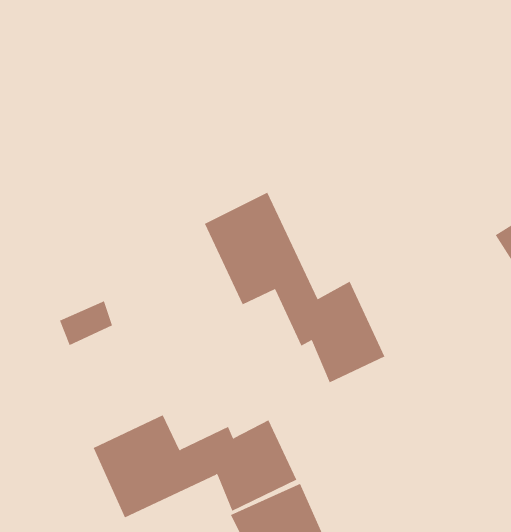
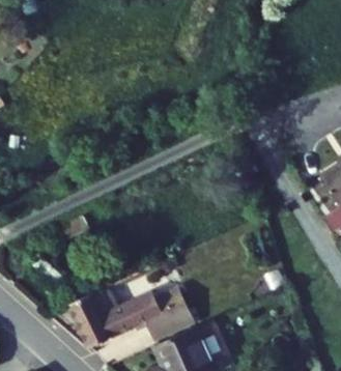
building: [204,192,385,383] -> none

